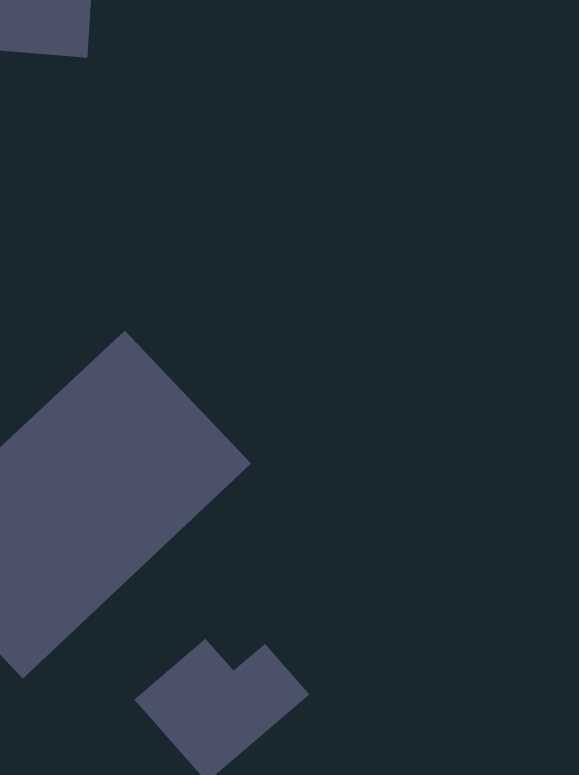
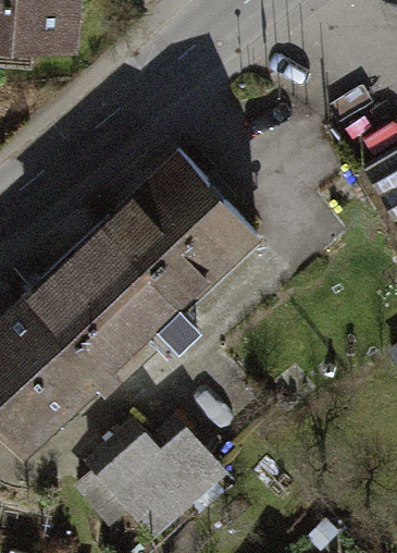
building: none -> [101,157,257,314]

